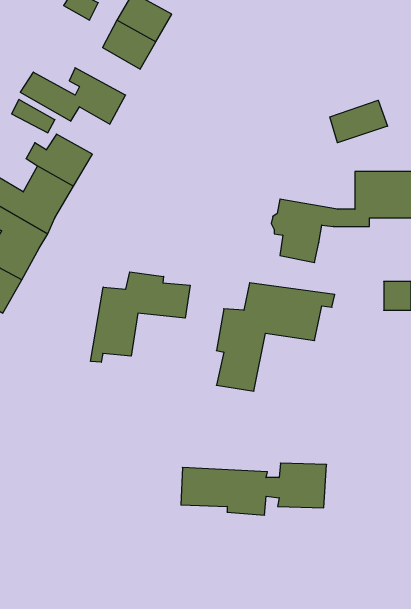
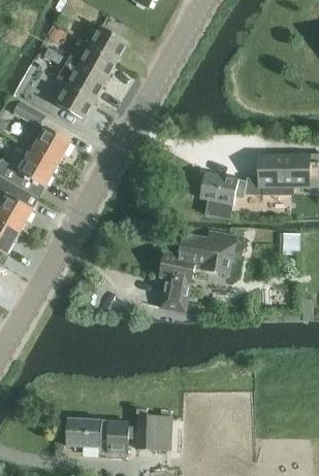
building: none -> [58,59,104,99]
building: [330,100,388,143] -> none
building: [91,272,190,362] -> none
building: [181,463,327,515] -> [66,415,170,452]

